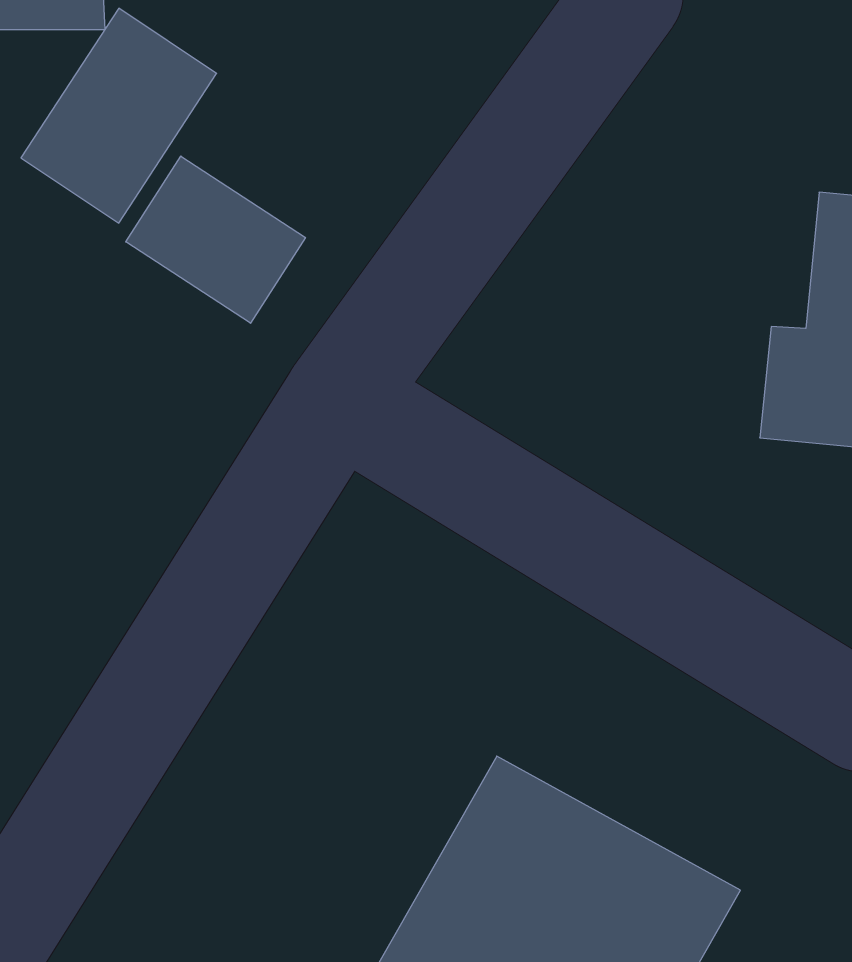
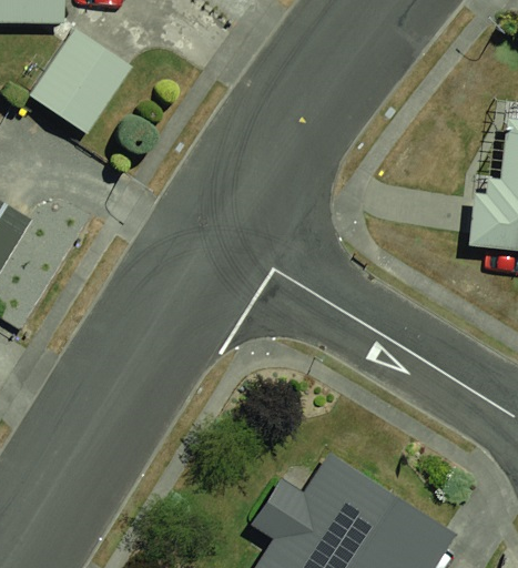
building: [126,156,305,323] -> none

